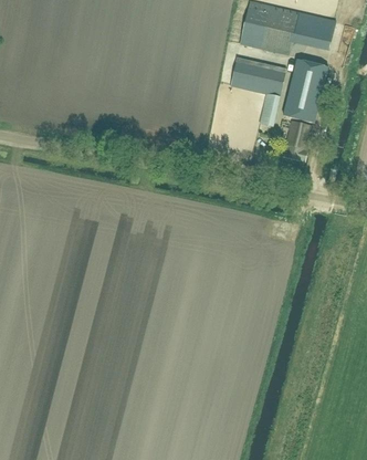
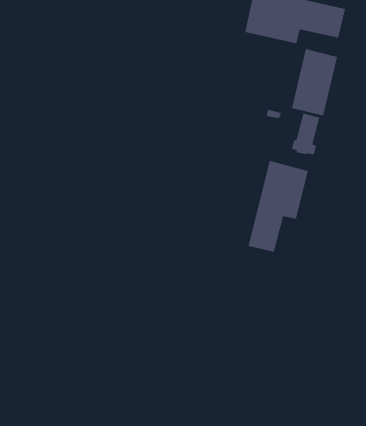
building: [230,55,285,95] -> none
building: none -> [248,160,309,253]

